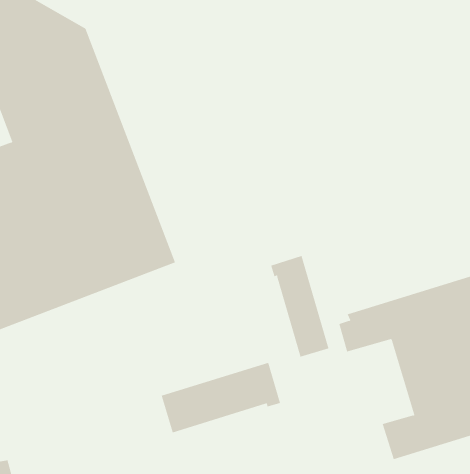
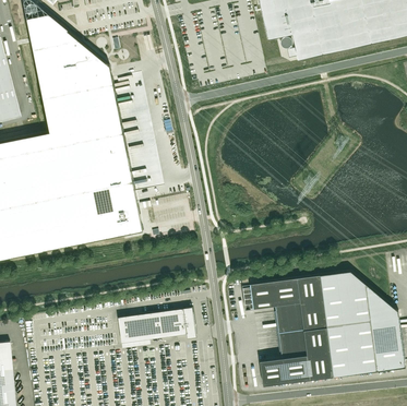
building: [271,255,329,357] -> none

